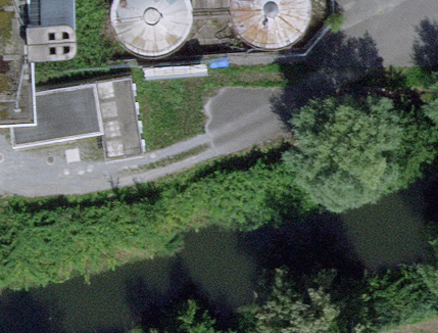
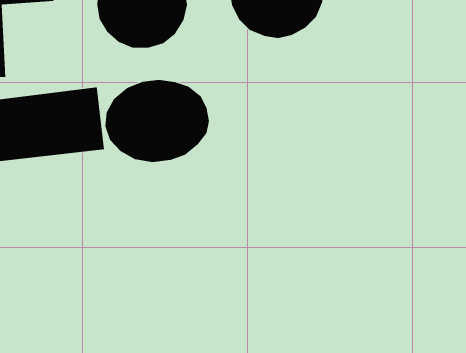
building: none -> [105,79,209,163]

